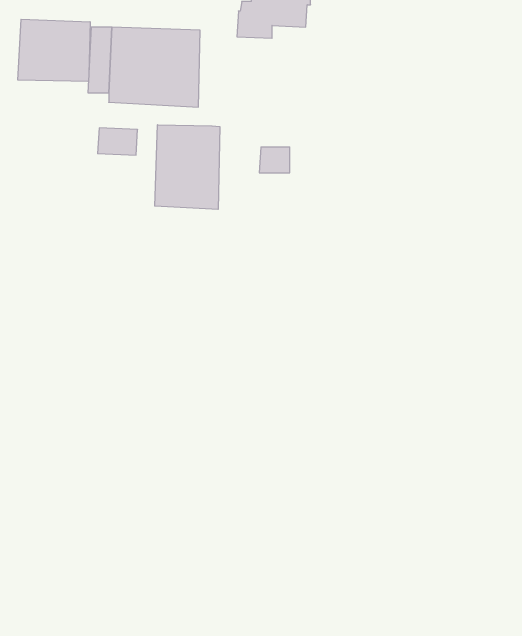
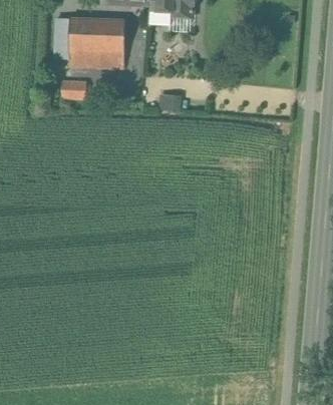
building: [18,19,90,82] -> none
building: [155,125,220,209] -> none

